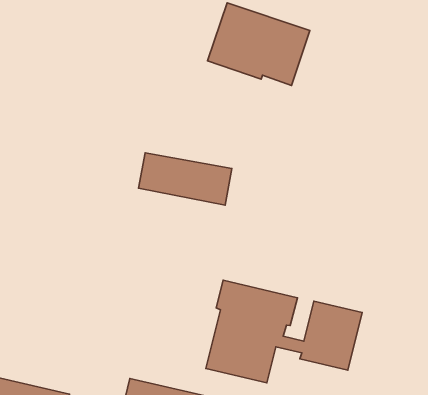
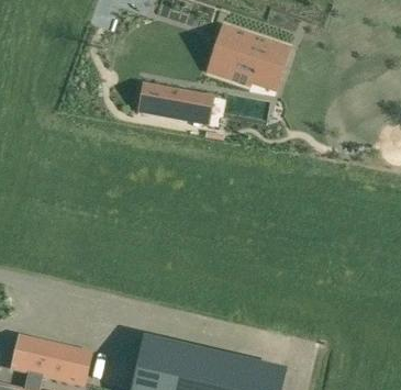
building: [139,153,232,205] -> [136,82,214,126]
building: [206,280,362,383] -> none

